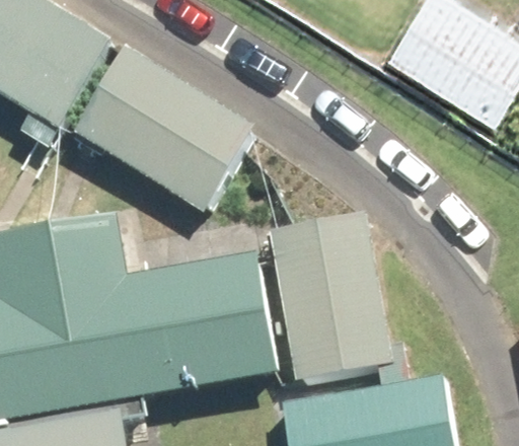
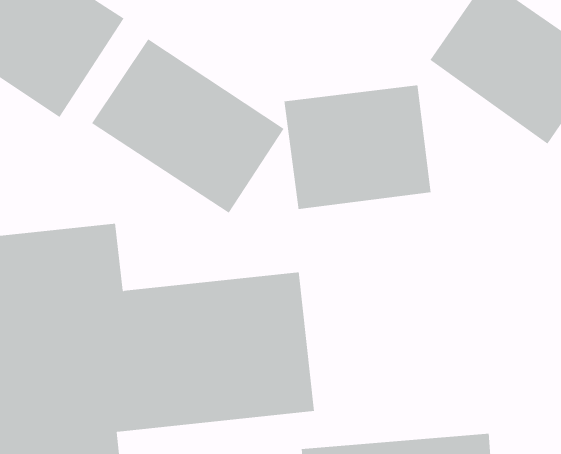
building: none -> [284,84,431,210]
building: [270,214,393,375] -> none

